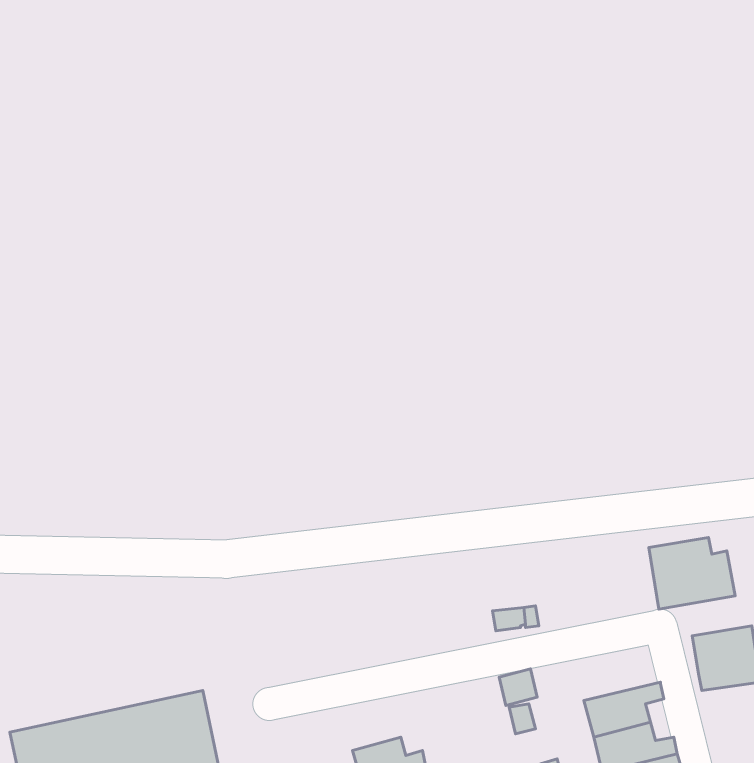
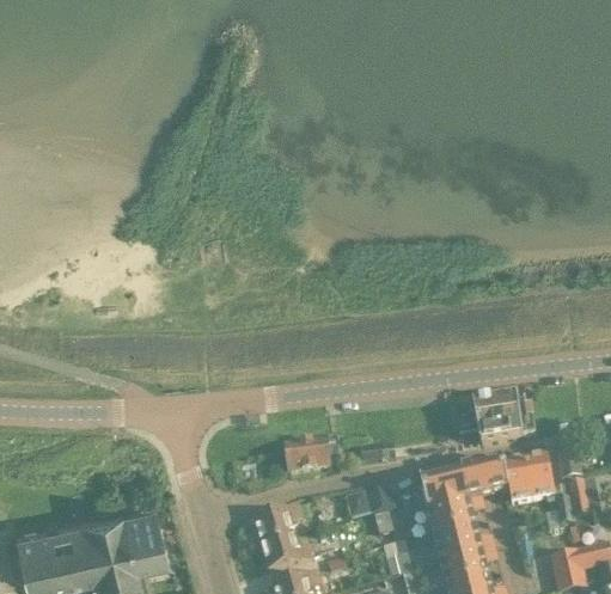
building: none -> [282,436,337,474]
building: none -> [420,463,508,510]
building: none -> [252,508,301,546]

